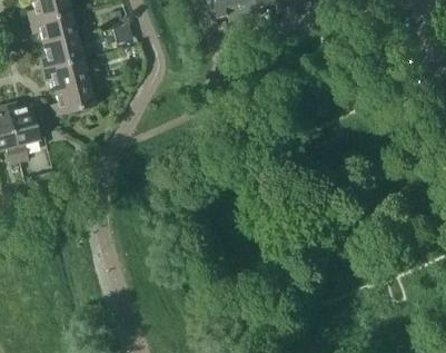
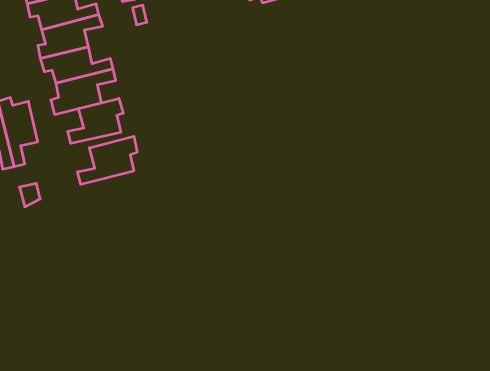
building: none -> [68,98,123,143]
building: none -> [78,136,137,184]

